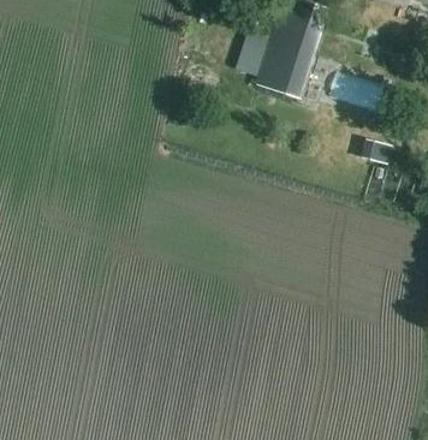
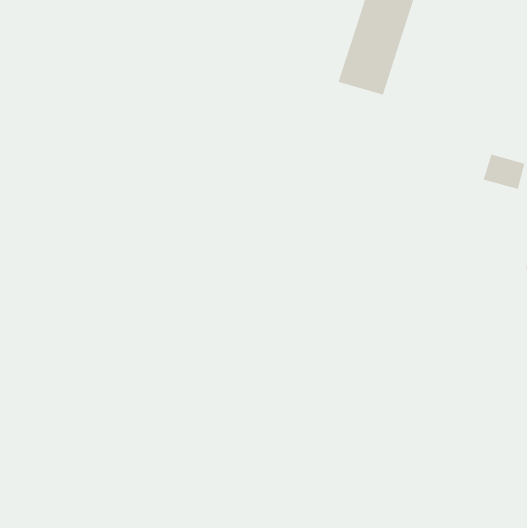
building: [243,30,278,77] -> none

